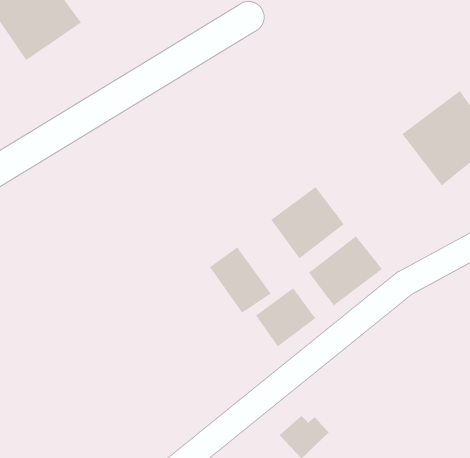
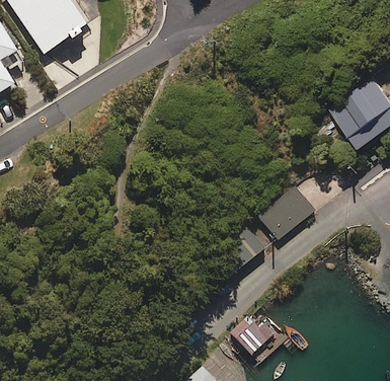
building: [270,186,345,259] -> none
building: [209,246,272,314] -> none

